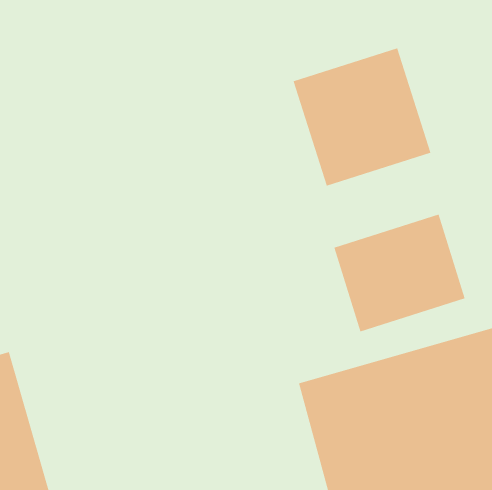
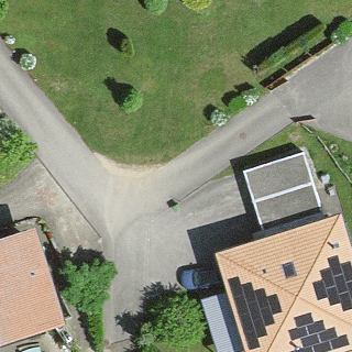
building: [293,48,431,187] -> none

